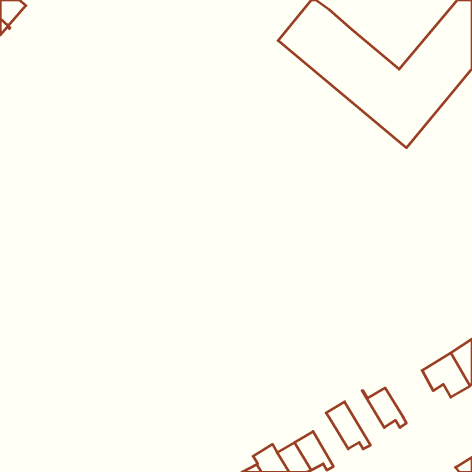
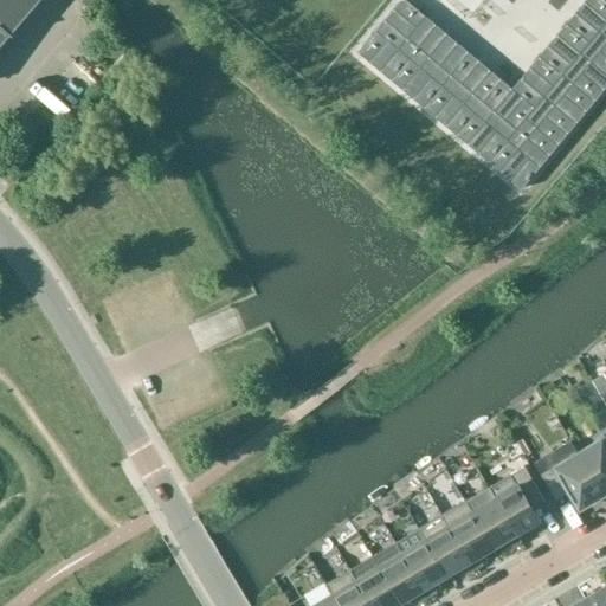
building: none -> [494,466,544,534]
building: none -> [441,501,492,570]
building: none -> [401,539,446,598]

